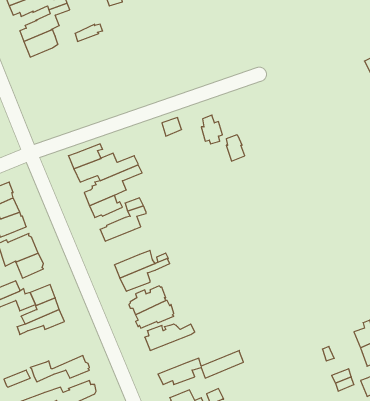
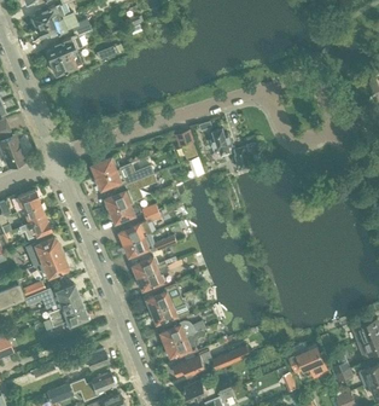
building: none -> [123,234,176,257]
building: none -> [164,331,204,360]
building: none -> [287,346,327,378]

